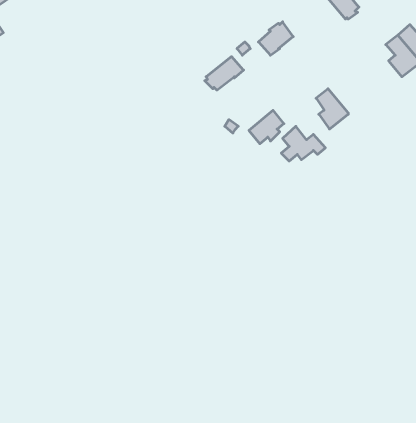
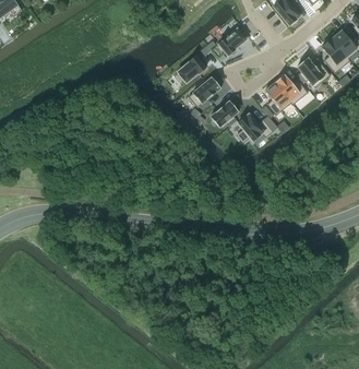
building: none -> [297,57,331,87]
building: none -> [275,73,308,104]
building: none -> [189,76,222,107]

